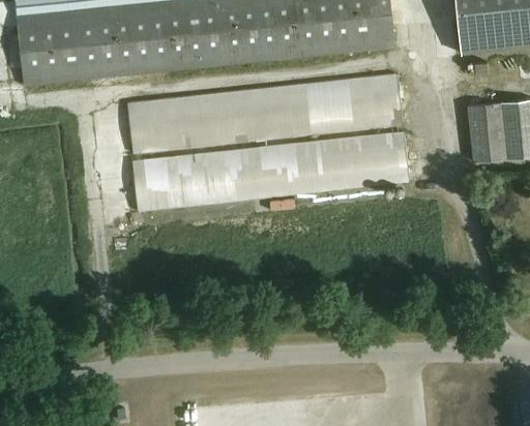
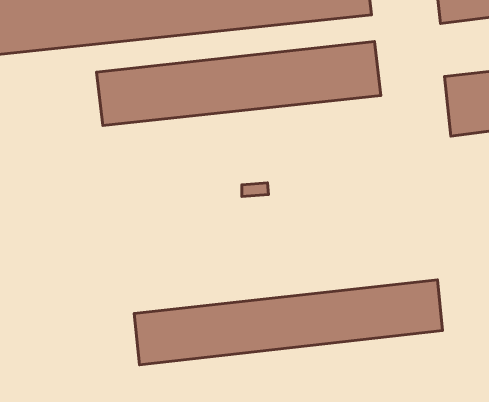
building: [131,129,410,210] -> none
building: none -> [134,280,443,365]

